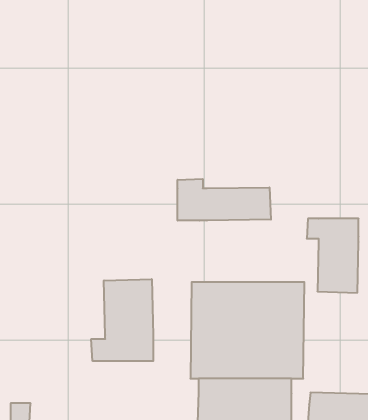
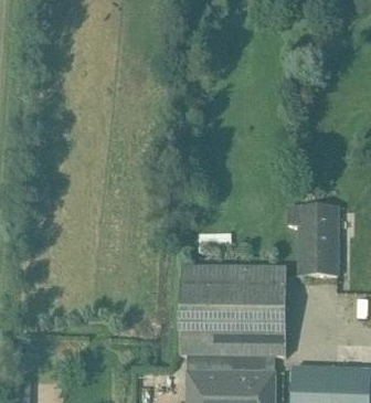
building: [178,179,271,221] -> none
building: [91,279,153,361] -> none

